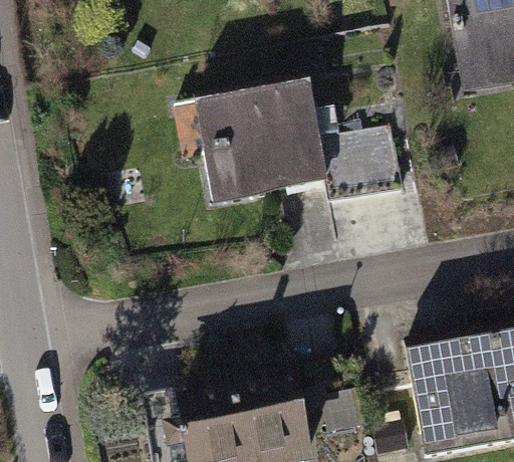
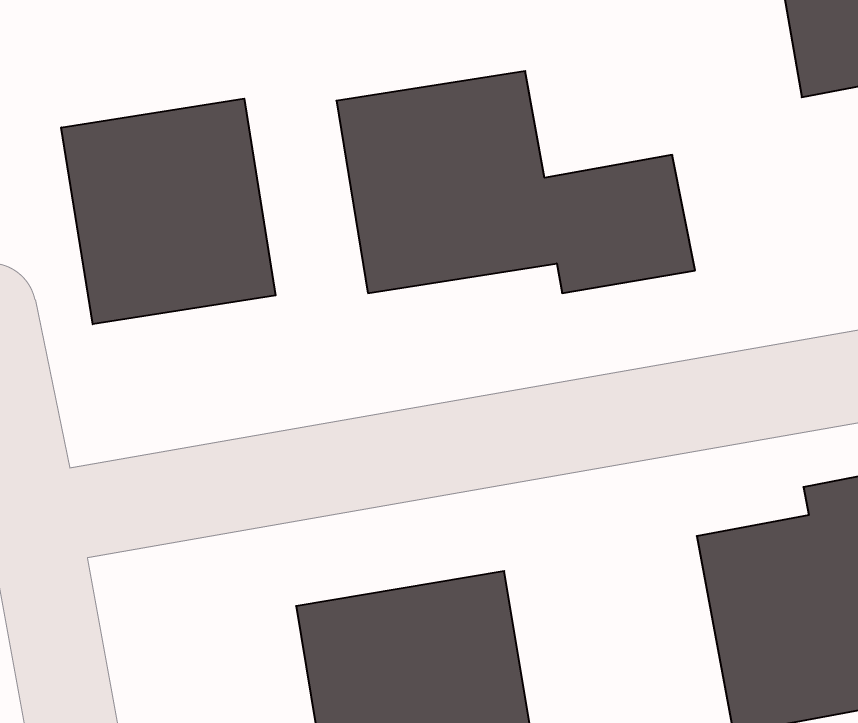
building: none -> [61,99,276,324]

